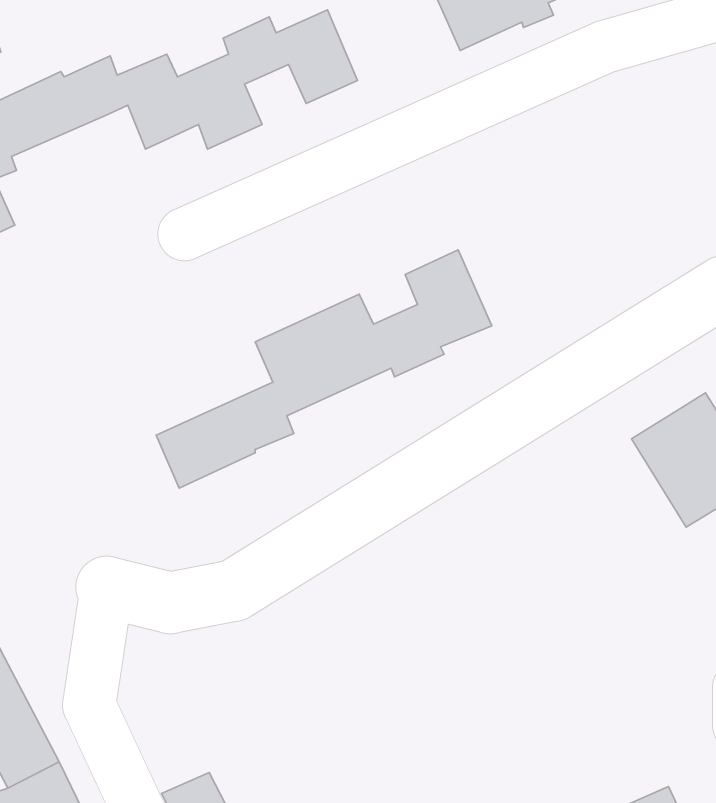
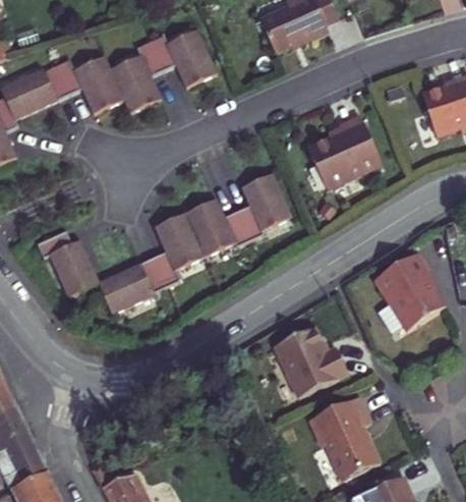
building: none -> [306,116,381,189]
building: none -> [38,227,99,291]
building: none -> [272,327,346,397]
building: none -> [310,400,385,482]

